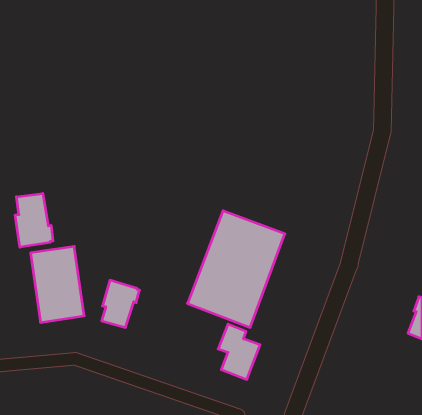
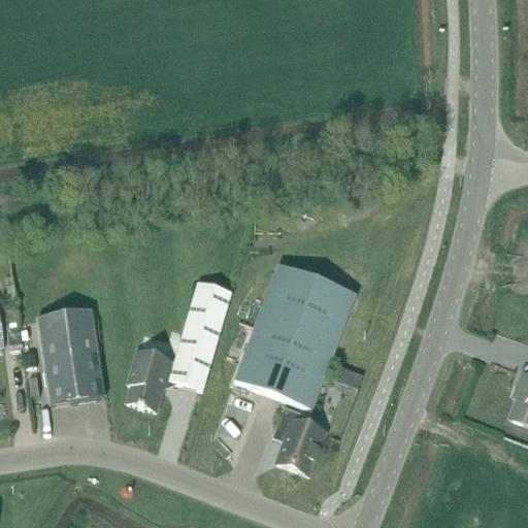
building: [15,193,53,247] -> none
building: none -> [170,280,232,389]

